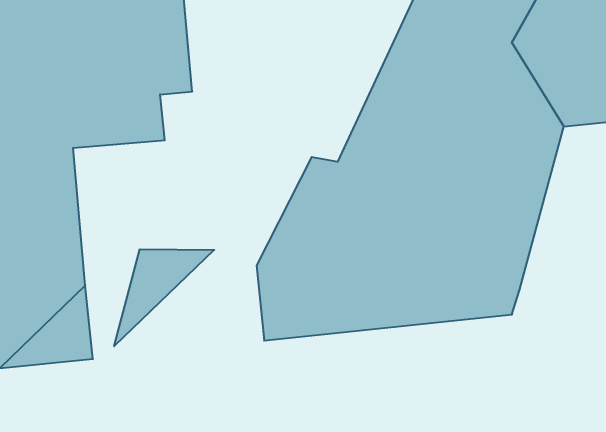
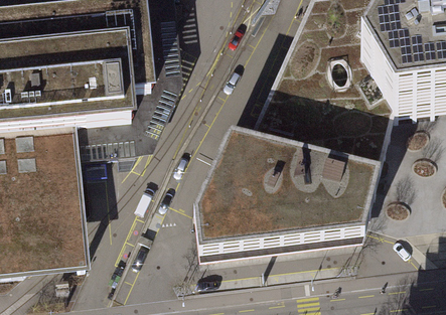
building: [114,249,214,346] -> none

